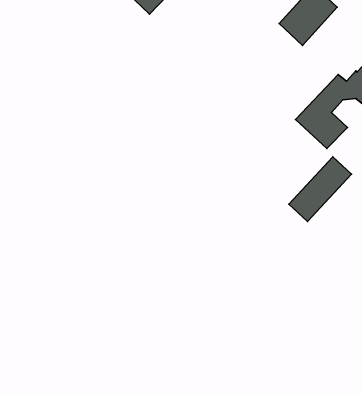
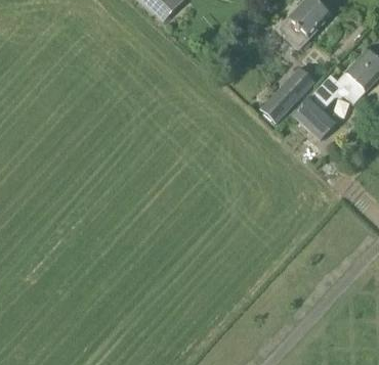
building: [289,157,351,222] -> [260,65,315,123]

